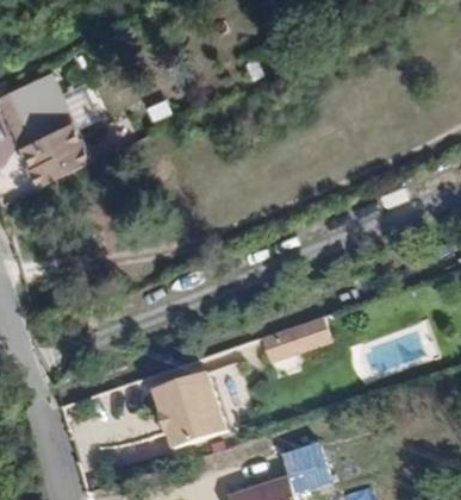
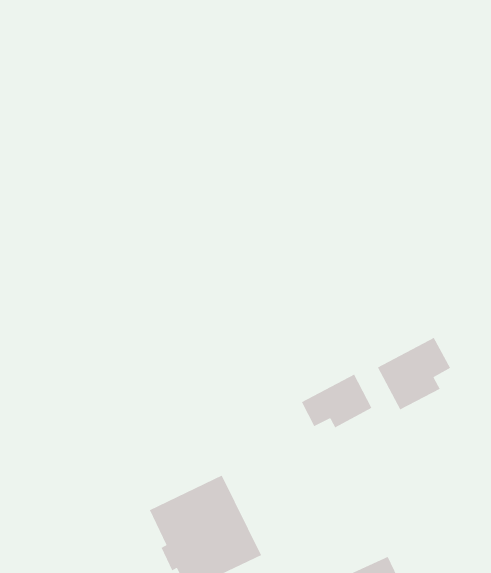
building: none -> [377,337,451,410]

